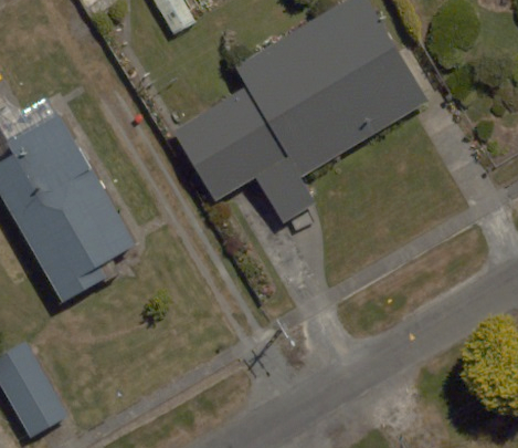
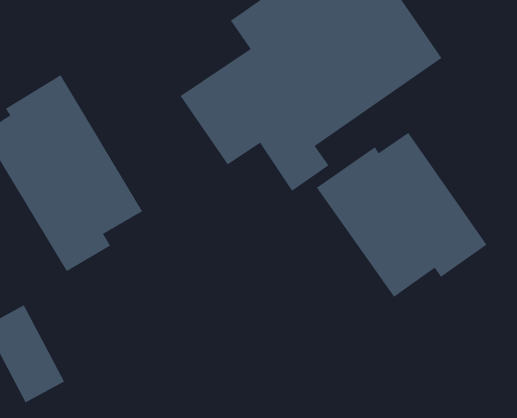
building: none -> [316,132,487,298]

